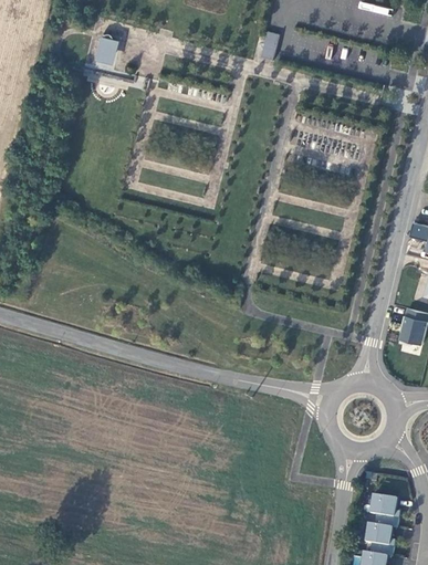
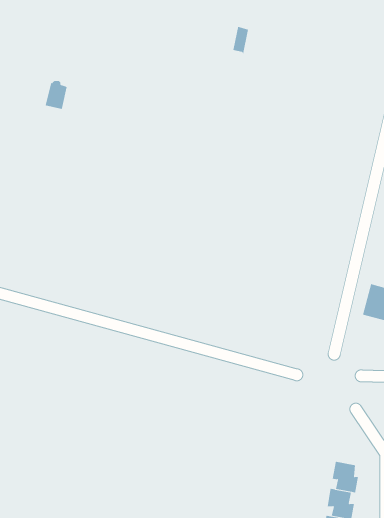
building: [96,34,121,65] -> [45,80,68,110]

